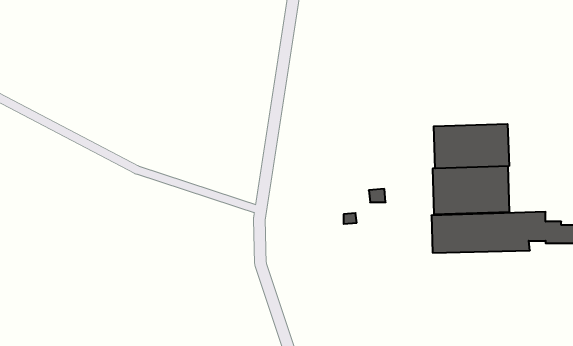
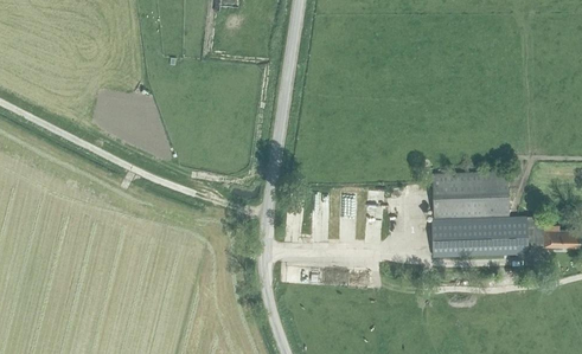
building: [434,124,509,168] -> none

